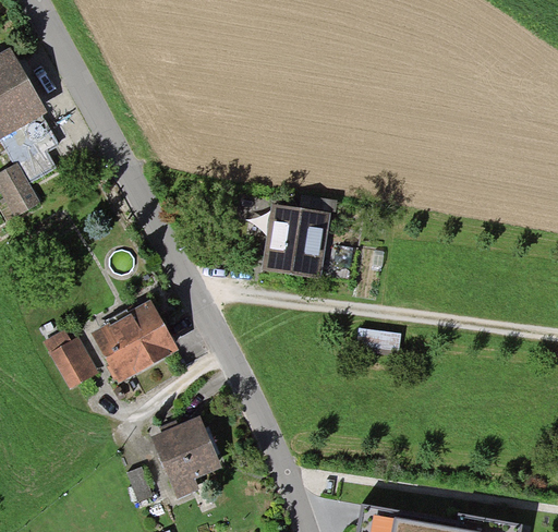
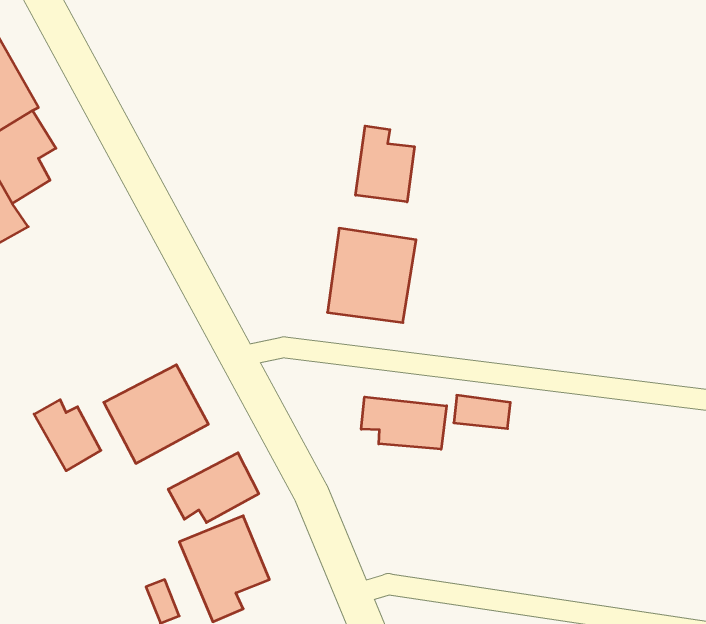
building: none -> [356,126,414,202]
building: none -> [361,397,447,449]
building: none -> [168,453,259,523]

